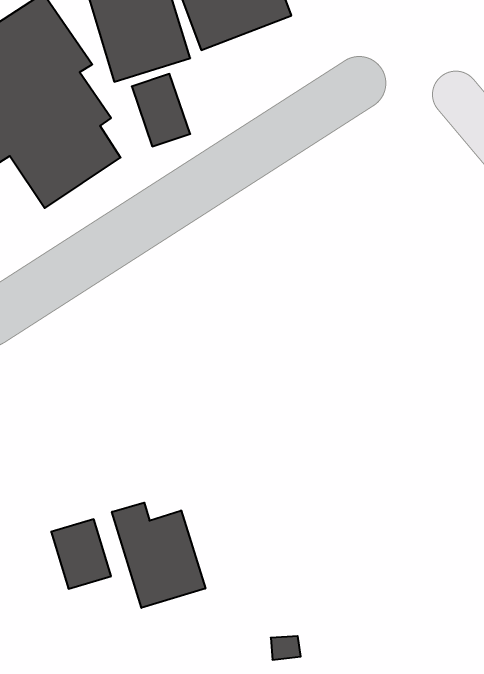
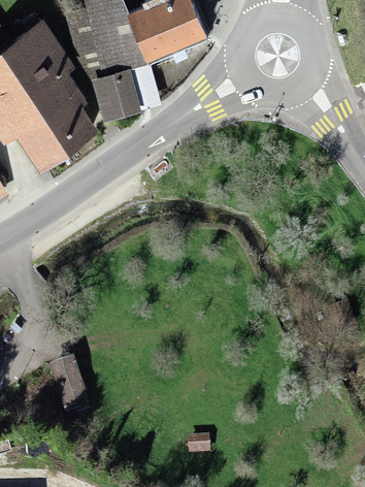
building: [112,503,205,608] -> none

